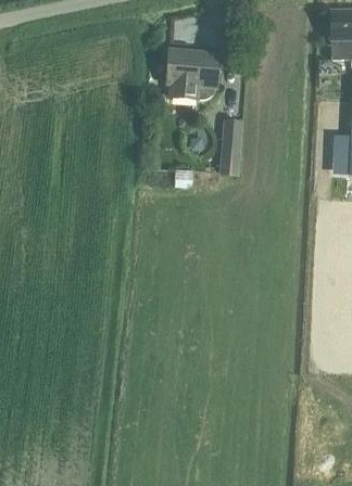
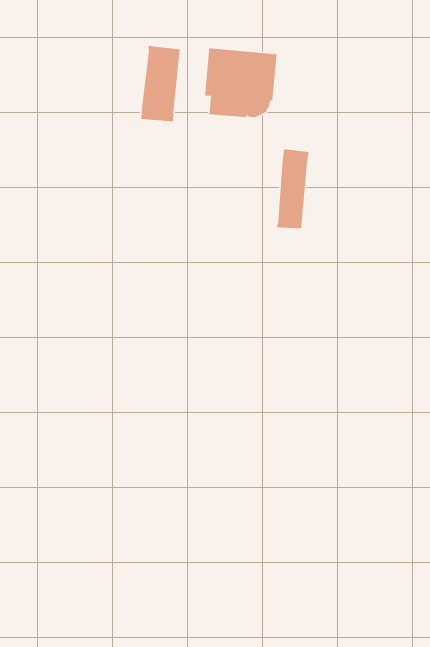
building: none -> [141,45,180,122]

